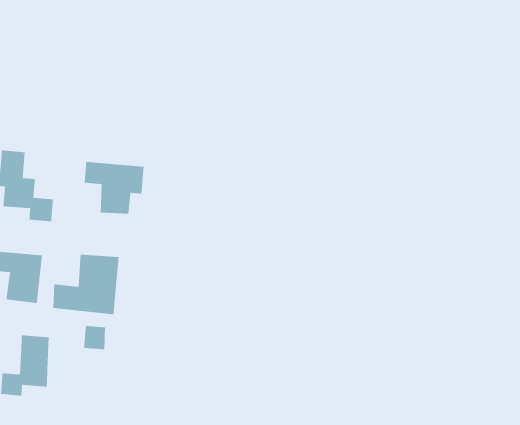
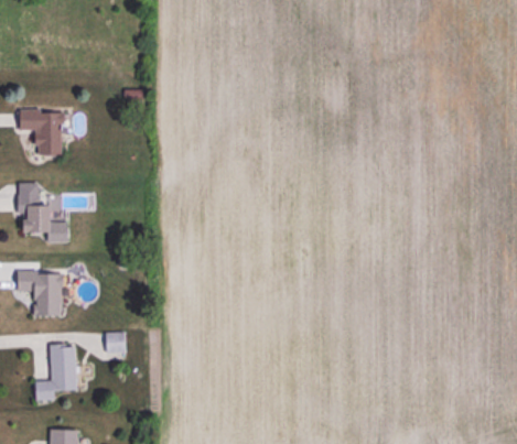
building: [84,161,145,214] -> [20,110,73,155]
building: [52,254,119,315] -> none

